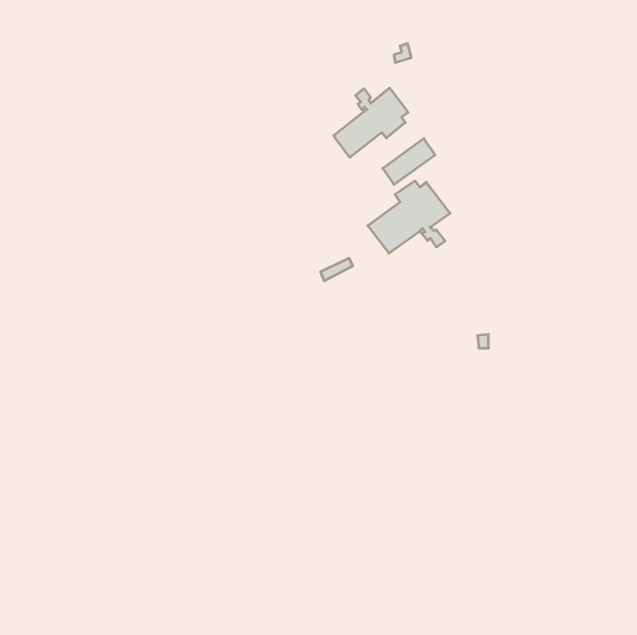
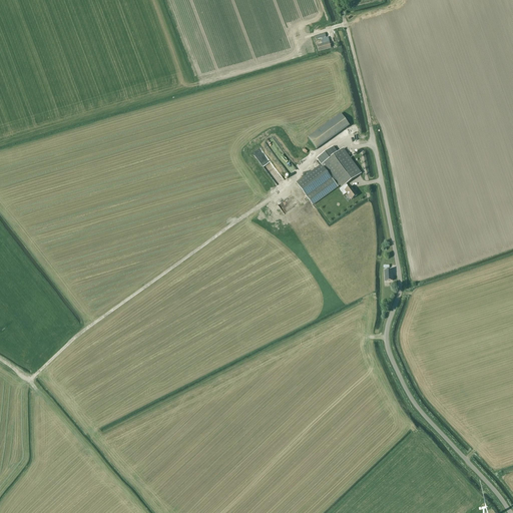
building: [334,88,408,157] -> none

